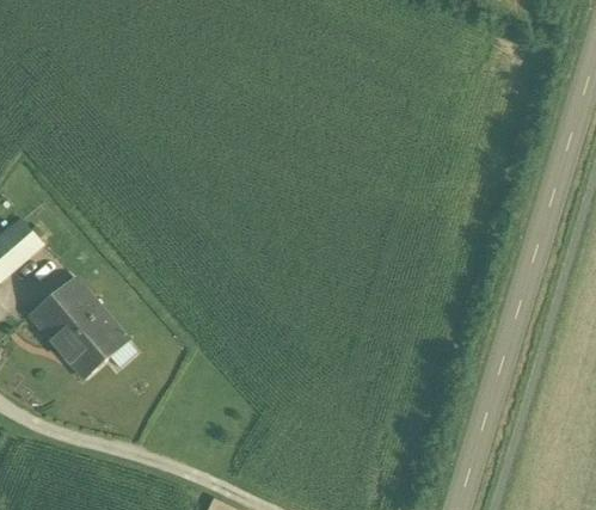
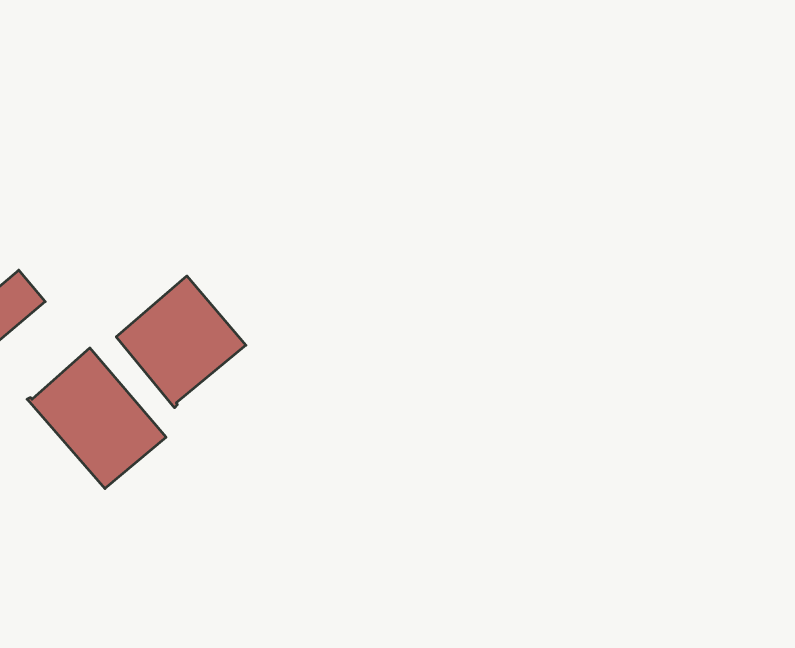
building: none -> [116,276,246,408]

